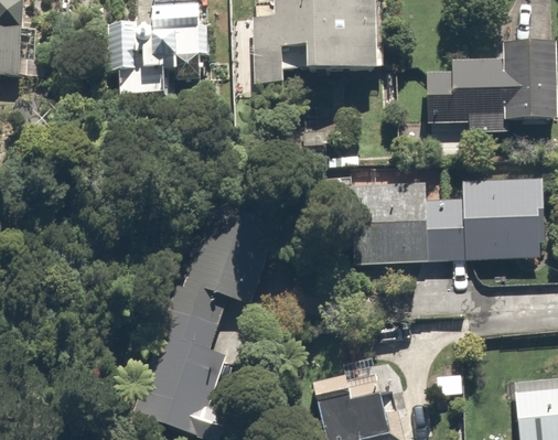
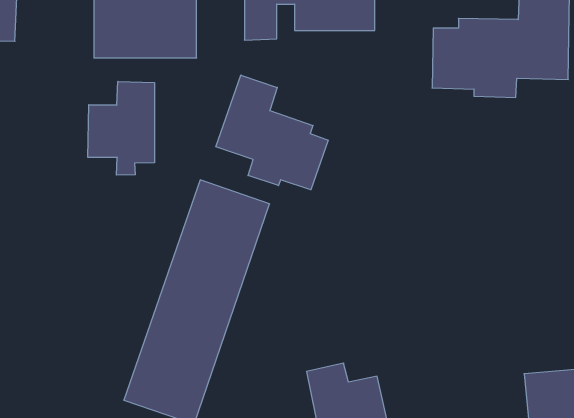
building: none -> [216,75,328,190]
building: none -> [88,81,154,175]
building: [357,181,547,266] -> none

